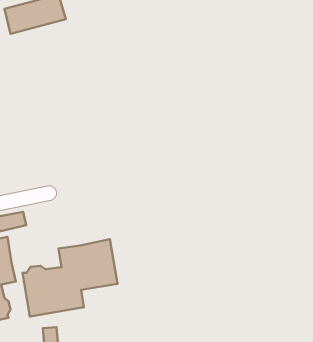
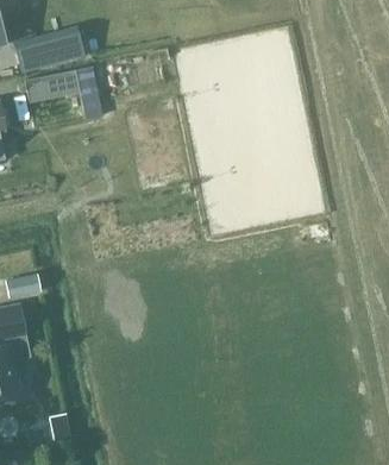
building: none -> [26,68,103,120]
building: [23,239,117,316] -> none

